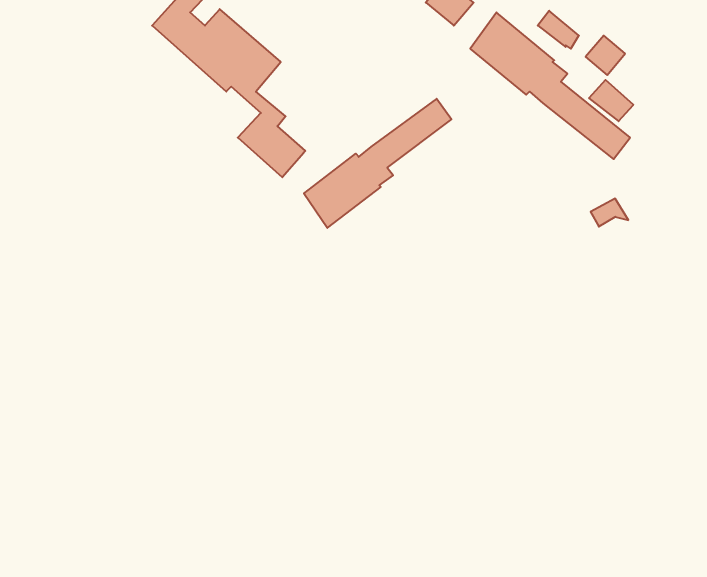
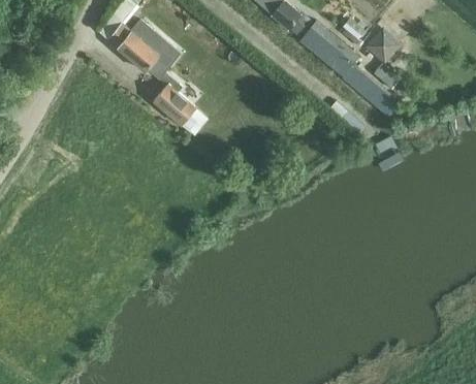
building: [304,99,451,228] -> none

